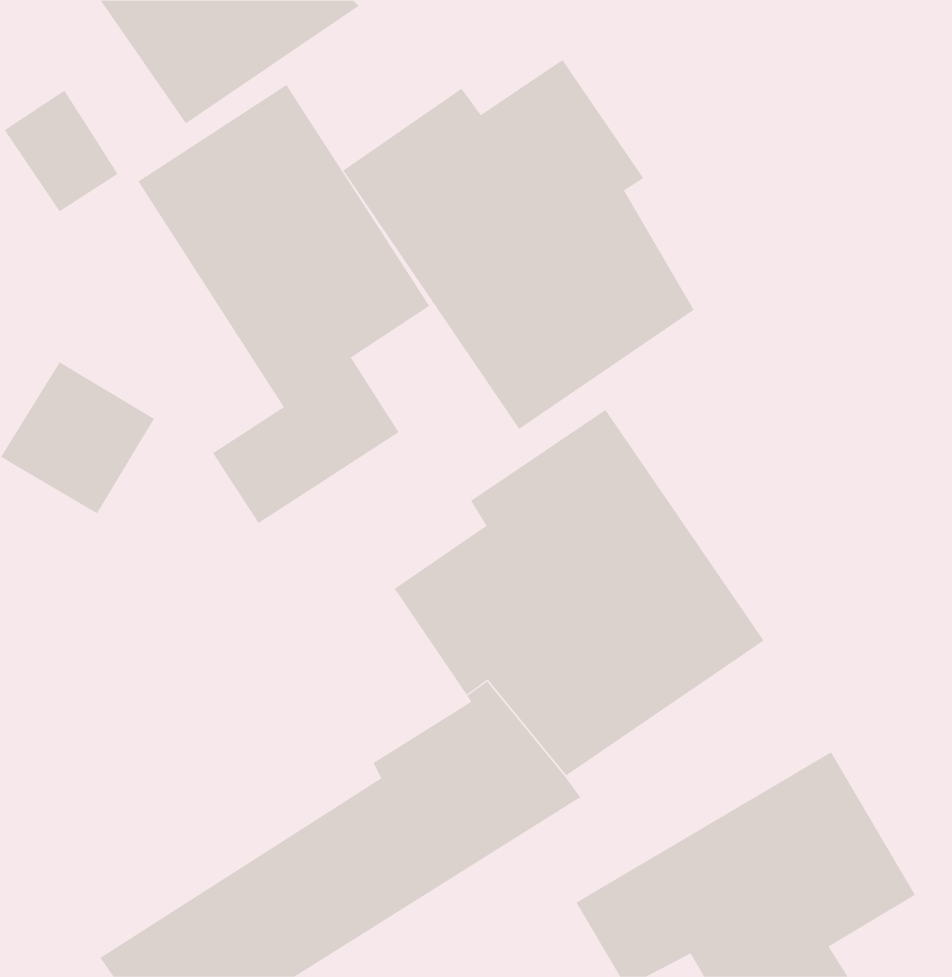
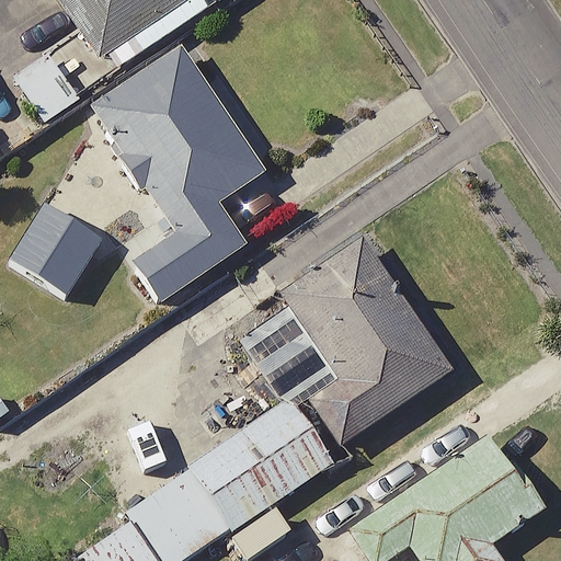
building: [342,59,695,430] -> none

